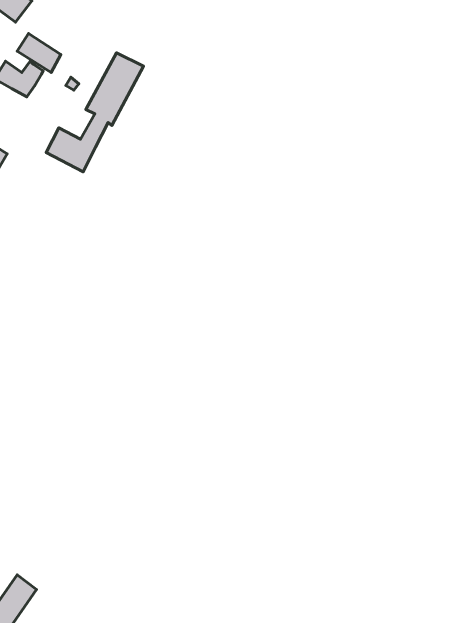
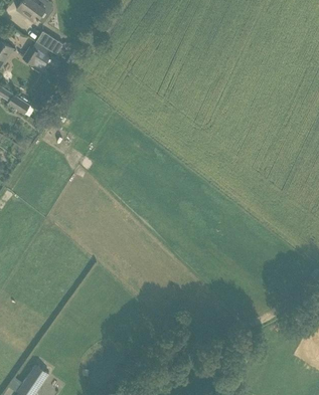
building: [46,53,143,172] -> none

